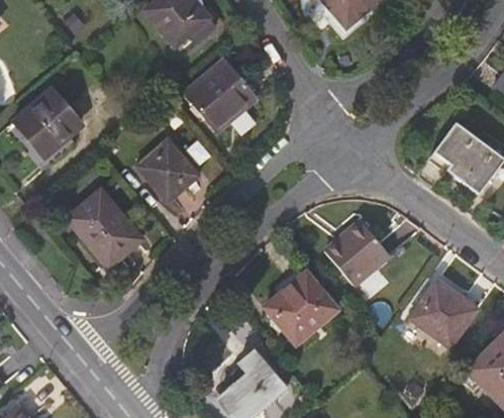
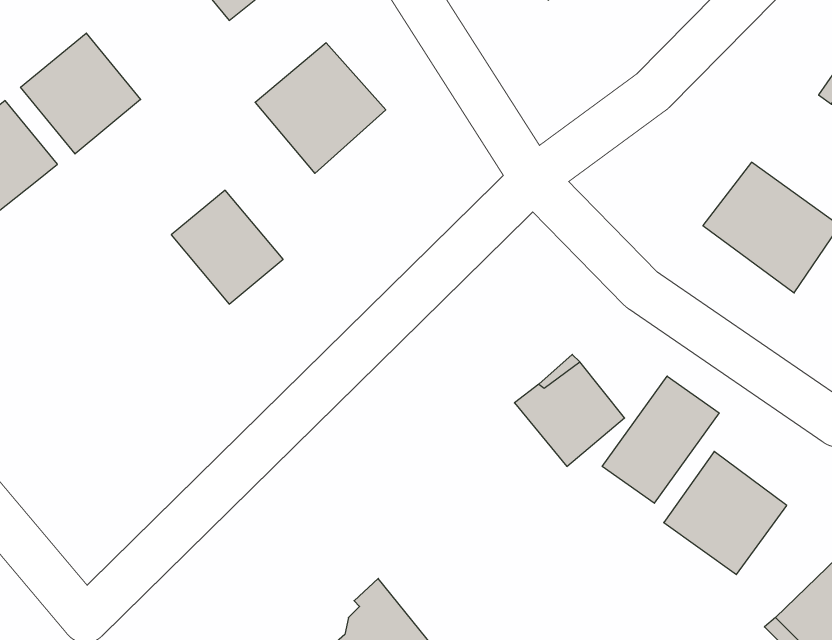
building: none -> [21,33,141,154]
building: [71,192,140,263] -> none
building: none -> [602,376,719,503]
building: [267,273,336,343] -> none

